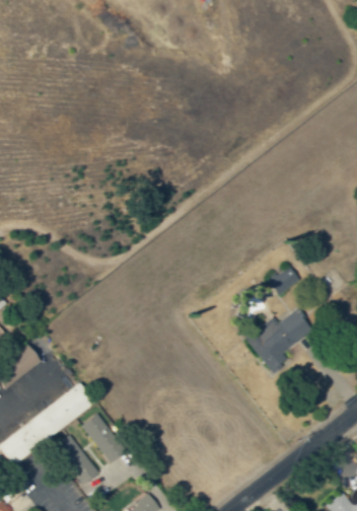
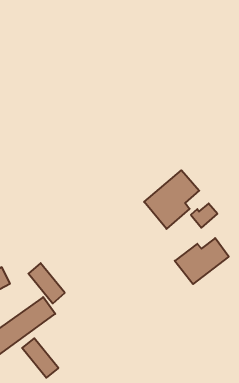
building: none -> [144,170,199,229]
building: [82,413,128,463] -> [28,263,65,303]

